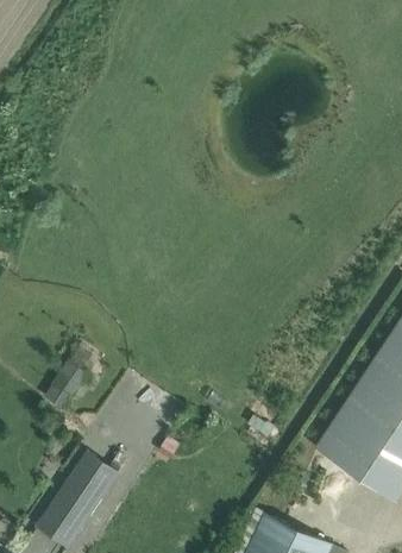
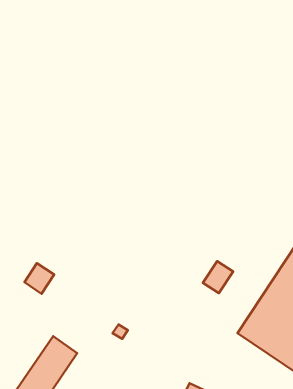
building: none -> [203,261,233,293]

